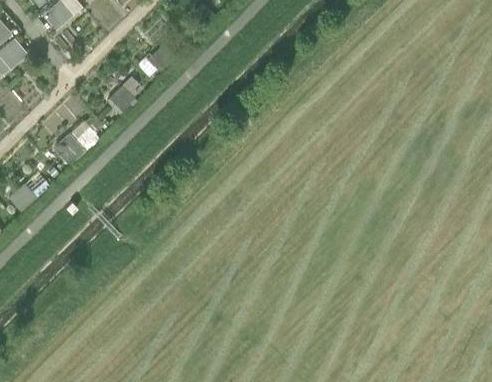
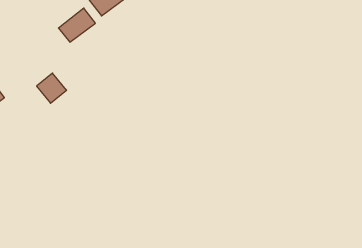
building: [50,131,85,166] -> [37,73,67,103]

